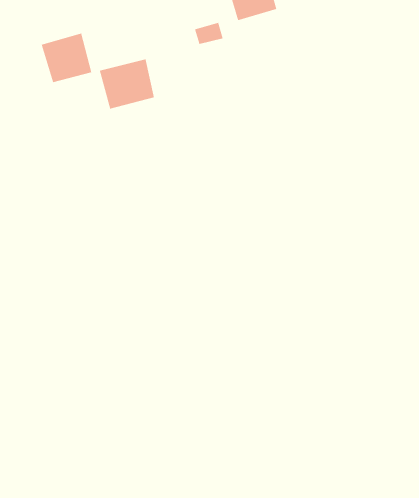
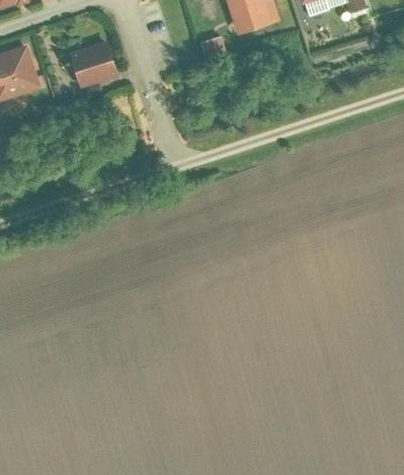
building: [99,59,154,110] -> none

